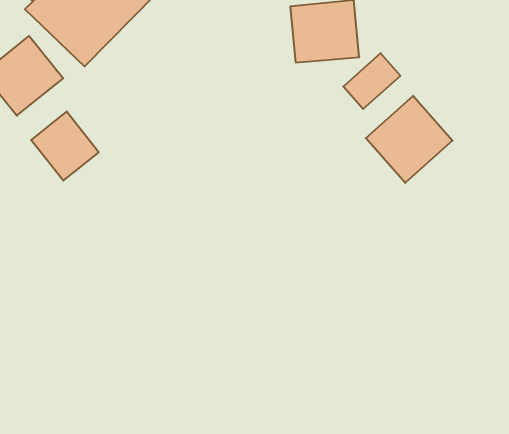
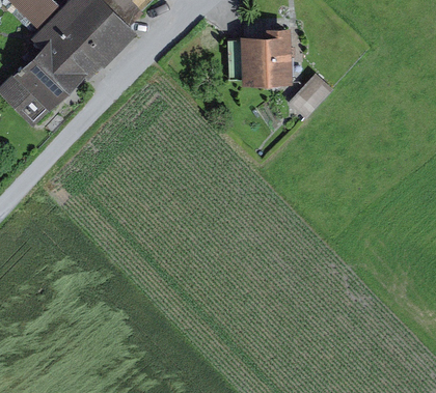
building: [366,96,453,183] -> none
building: [31,111,99,181] -> none

